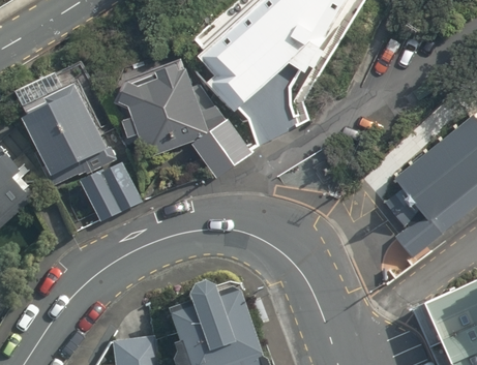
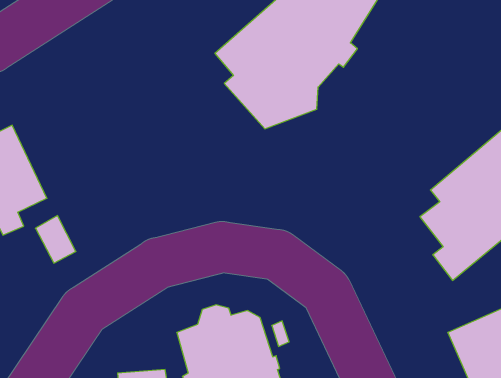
building: [121,65,254,178] -> none
building: [26,84,111,181] -> none
building: [84,163,145,221] -> none

